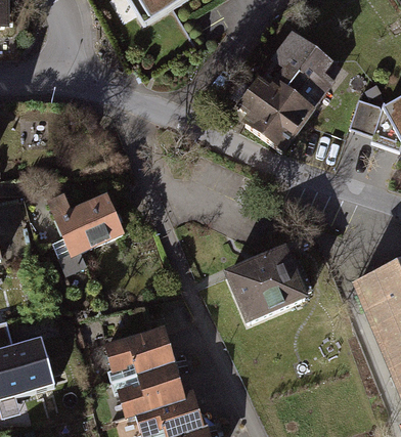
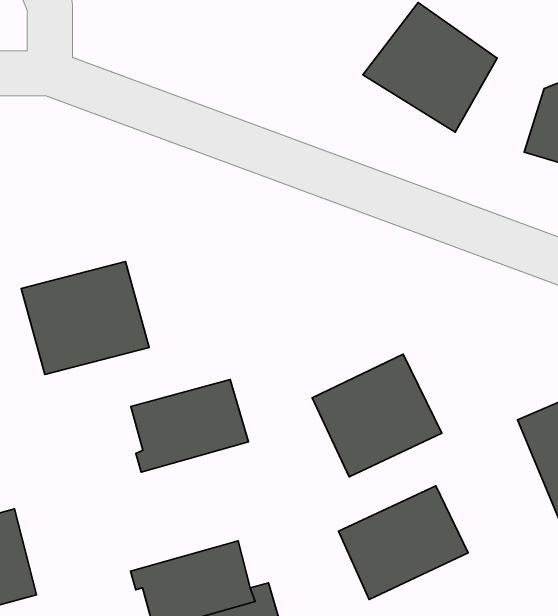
building: [235,74,312,146] -> none
building: [108,319,180,376] -> [131,379,249,472]
building: none -> [338,486,468,599]

